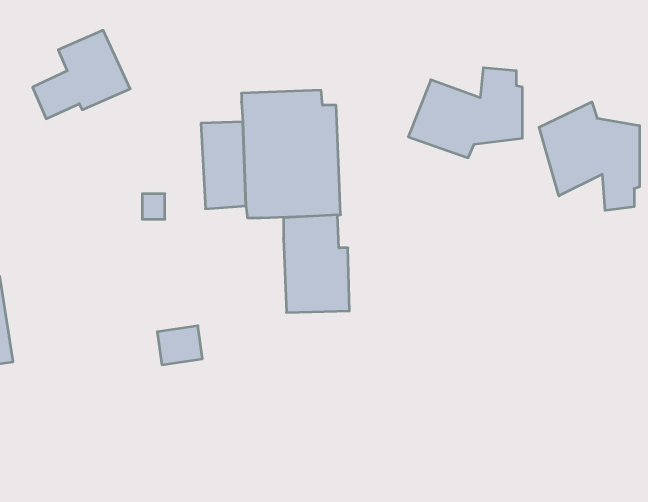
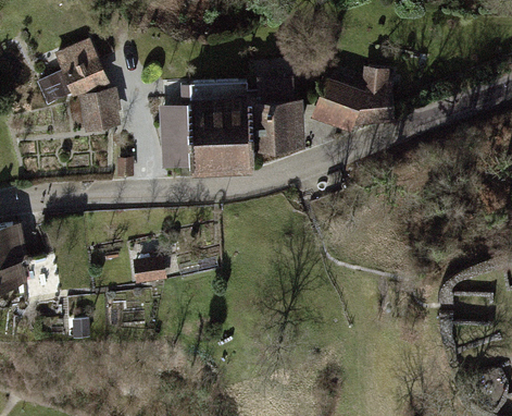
building: none -> [78,91,120,134]
building: [539,102,639,210] -> none
building: [283,215,349,312] -> [257,78,304,149]

